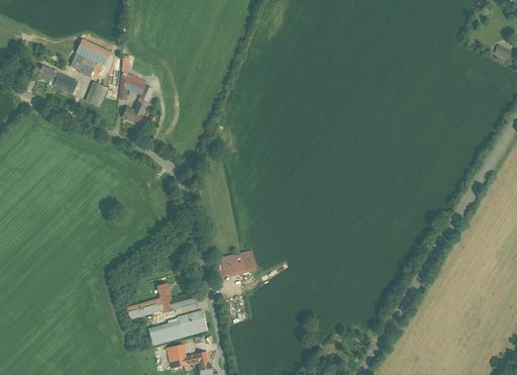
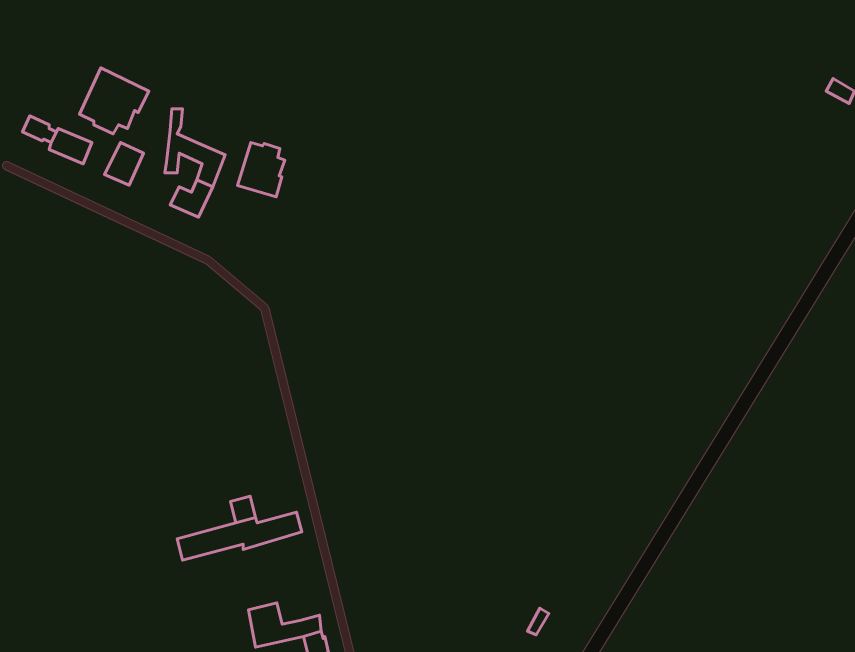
building: none -> [237,143,285,197]
building: [212,250,256,279] -> none
building: [149,309,207,345] -> none

